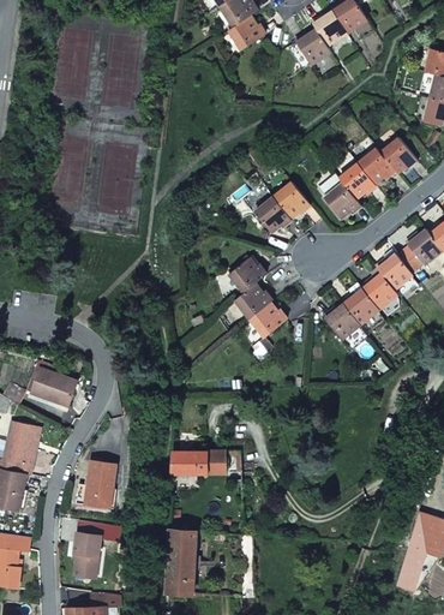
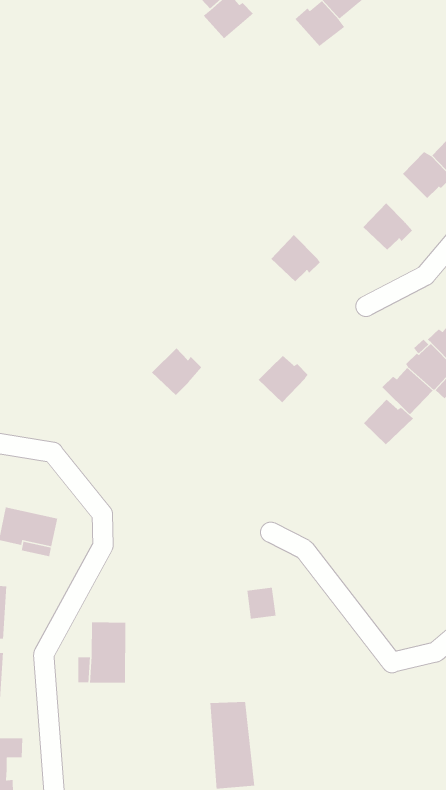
building: [338,163,376,198] -> none
building: [274,183,310,217] -> none
building: [228,257,265,292] -> [151,348,202,396]
building: [250,303,287,336] -> [363,399,414,445]
building: [172,450,206,473] -> none
building: [73,531,101,577] -> none

